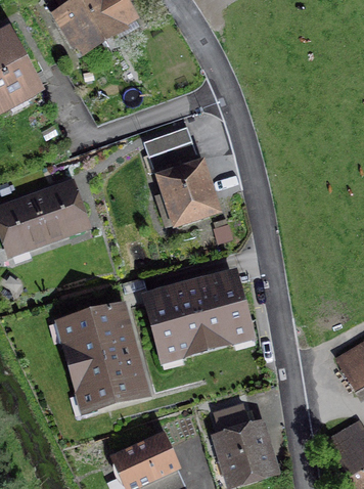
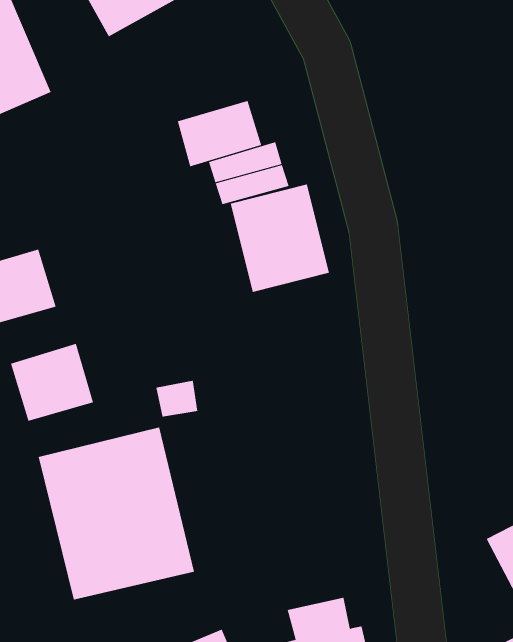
building: none -> [177,100,262,167]
building: [40,181,94,232] -> [10,343,94,421]
building: [148,263,258,359] -> none

